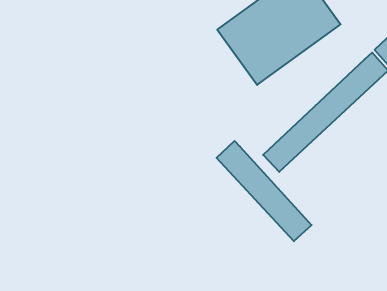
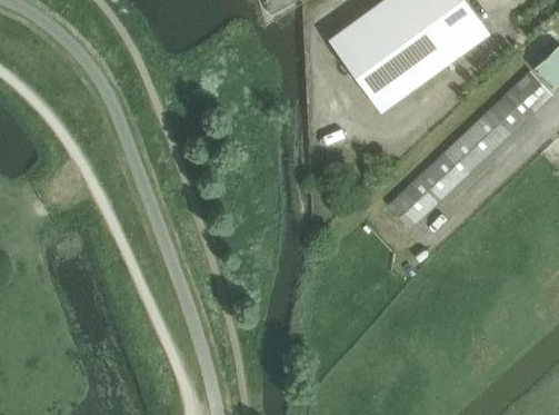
building: [217,141,312,241] -> none

